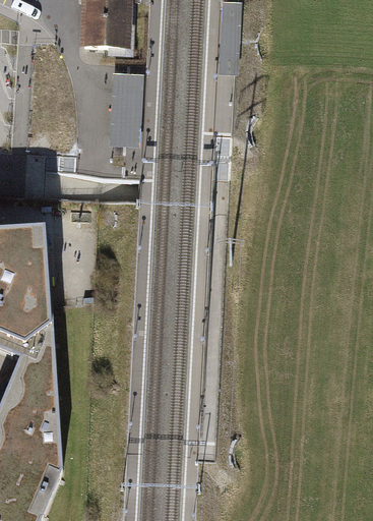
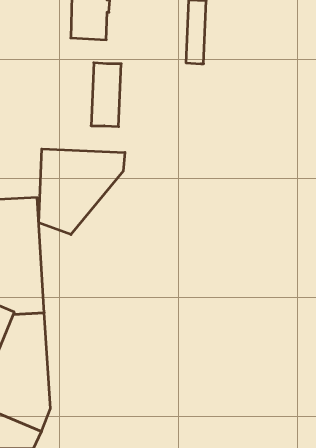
building: none -> [39,149,125,235]

